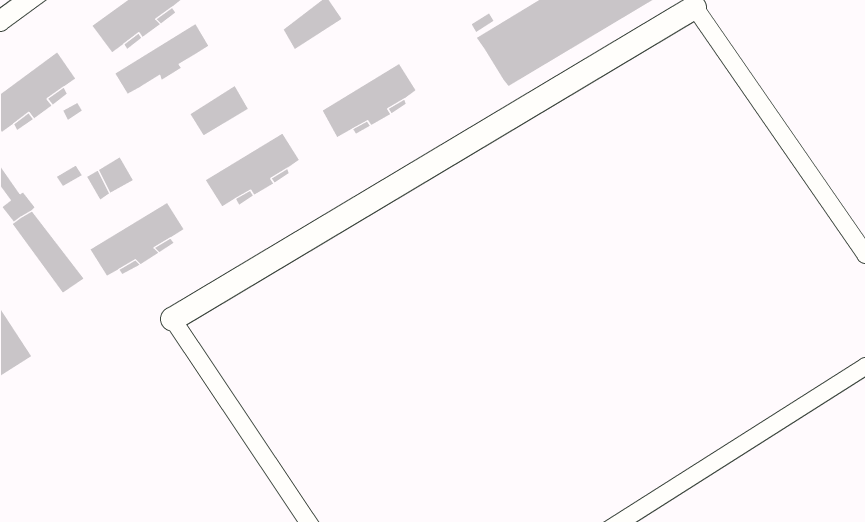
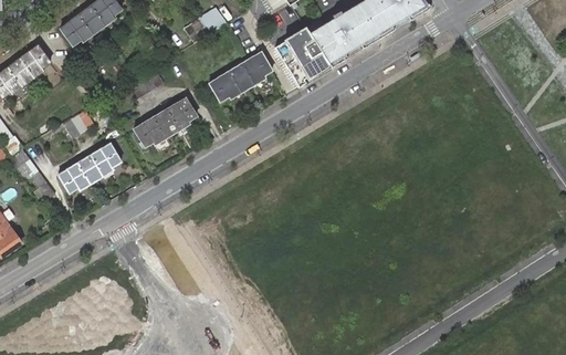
building: [114,23,209,94] -> none
building: none -> [275,28,328,82]

